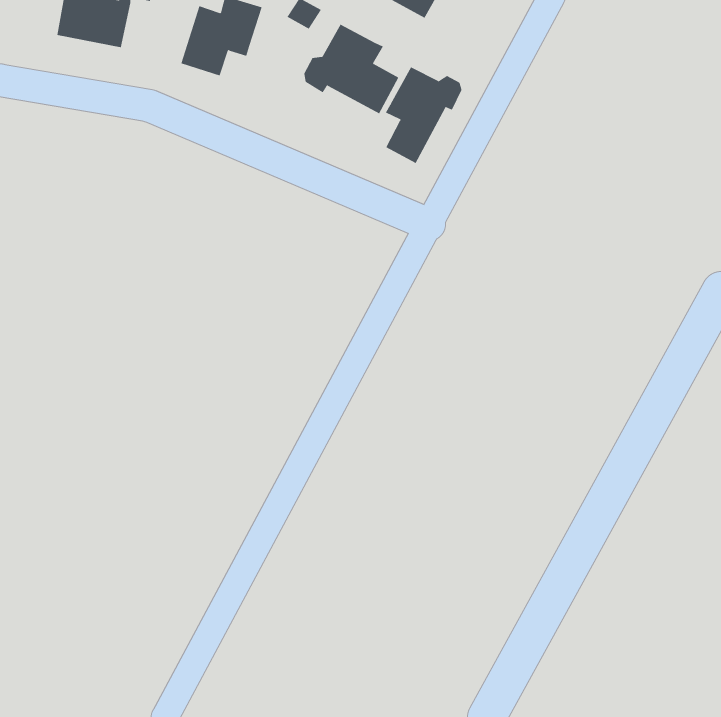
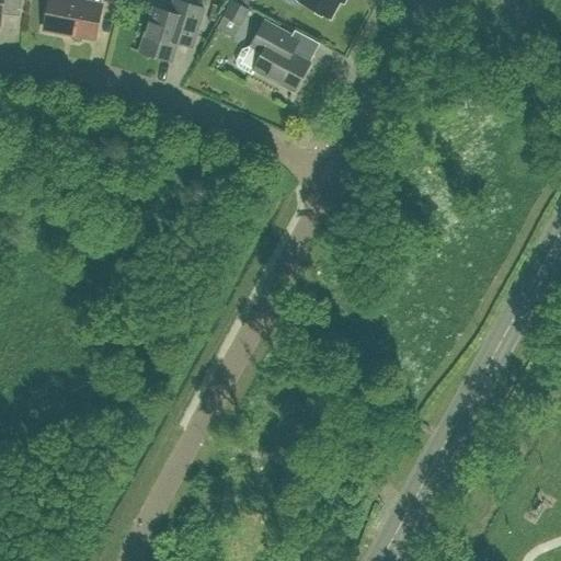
building: [385,67,462,164] -> none

